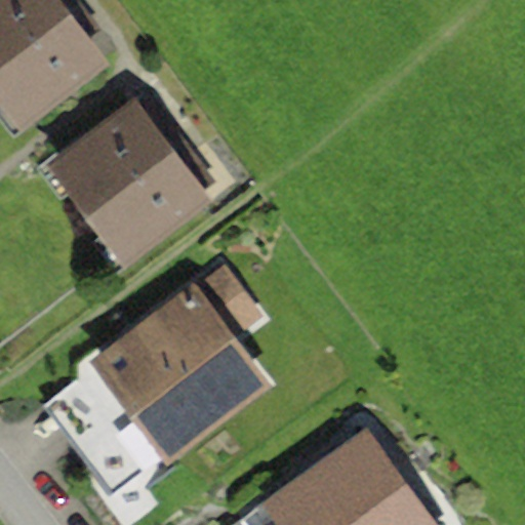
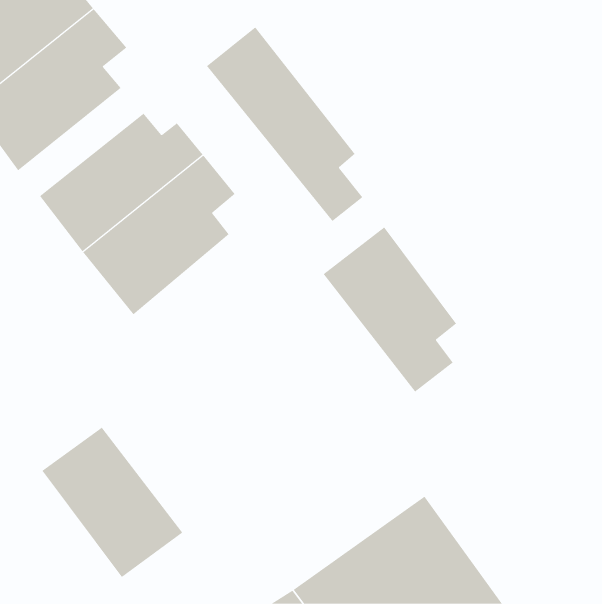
building: none -> [206,27,363,222]
building: none -> [323,226,457,392]
building: [88,265,264,469] -> none

